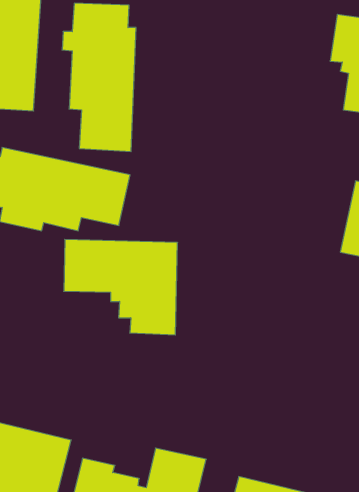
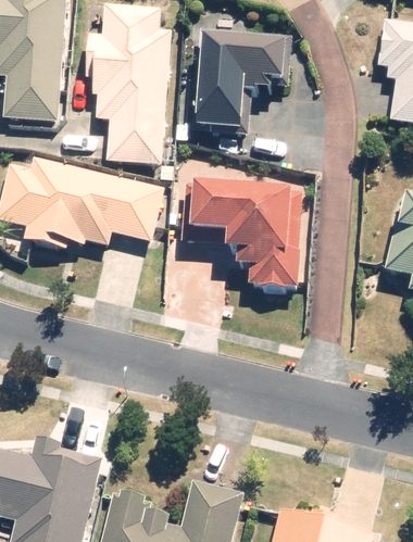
building: none -> [192,28,293,130]
building: [64,239,178,335] -> [182,186,303,288]

